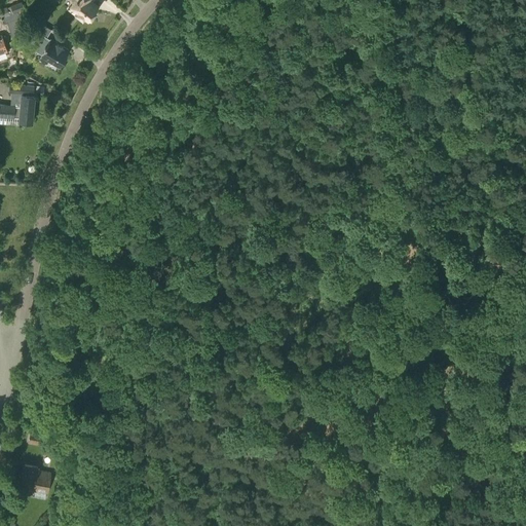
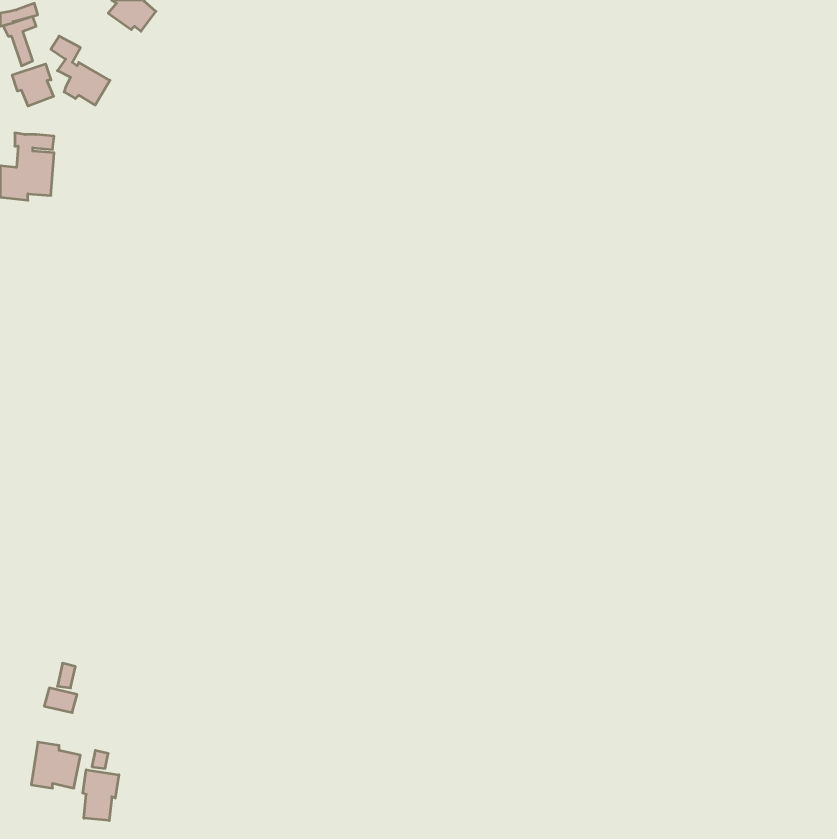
building: none -> [12,64,54,106]
building: none -> [83,770,119,821]

